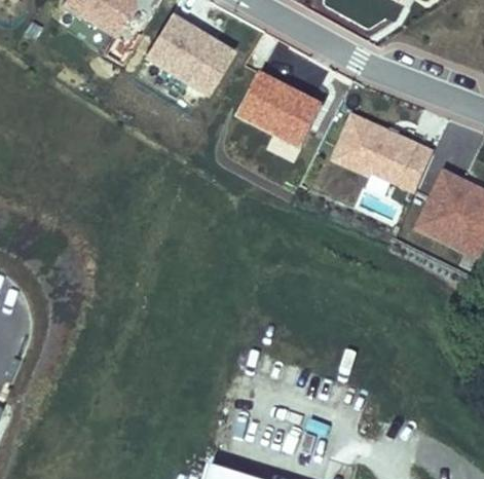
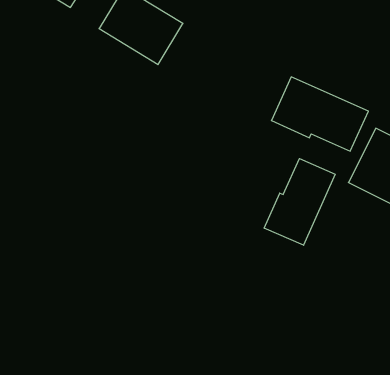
building: [236,70,325,149] -> none
building: none -> [264,159,335,245]

